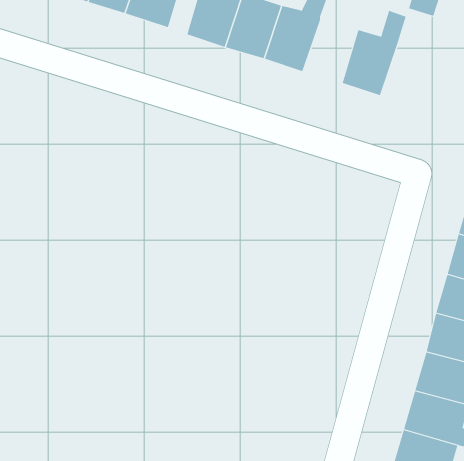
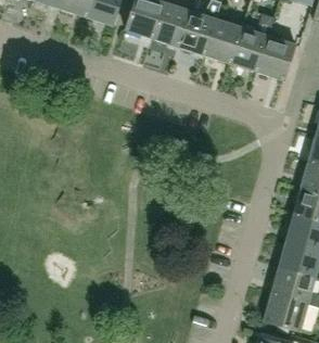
building: none -> [204,17,241,62]
building: none -> [256,35,295,79]

